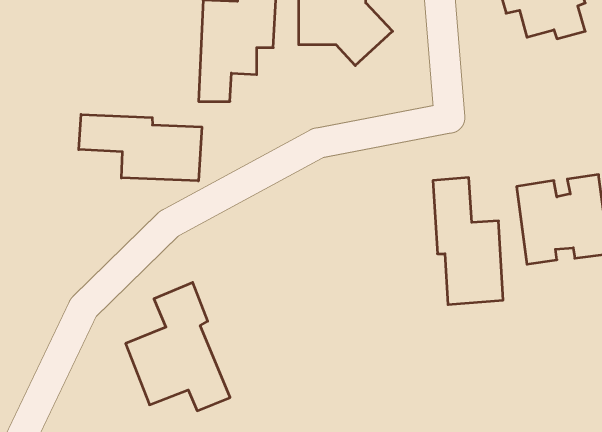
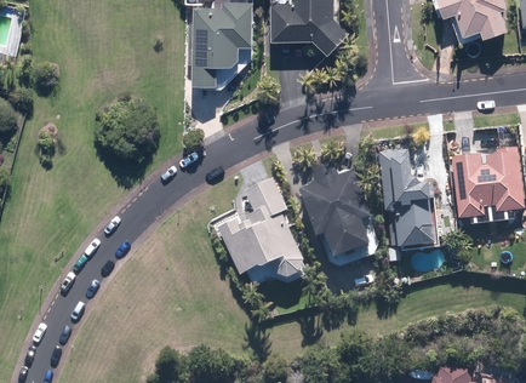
building: [79,114,202,181] -> none
building: none -> [301,162,371,258]
building: [126,282,230,411] -> [221,178,305,282]

